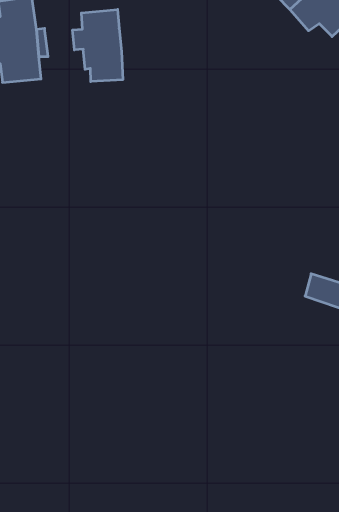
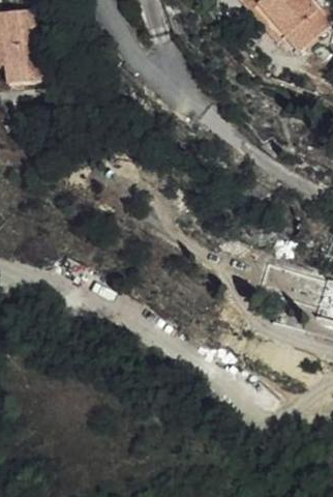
building: [73,9,123,82] -> none

